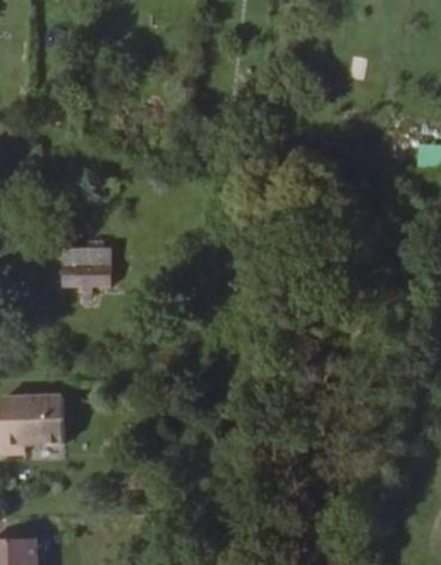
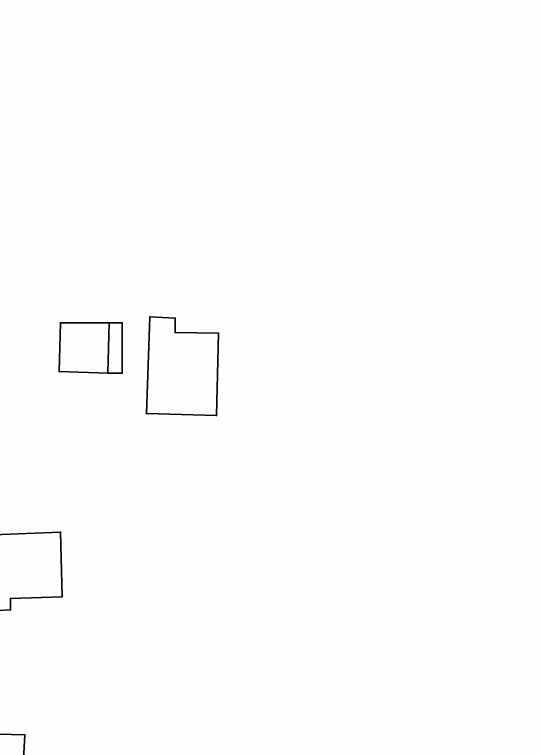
building: none -> [146,317,218,415]

